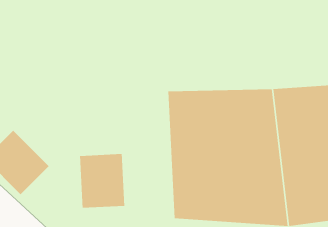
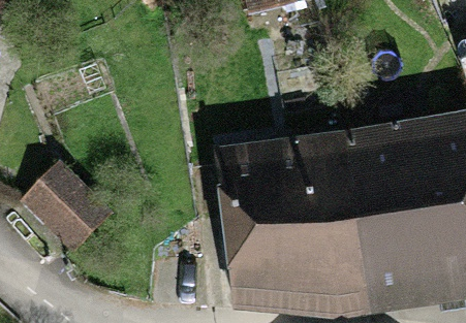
building: [80,153,125,209] -> none

